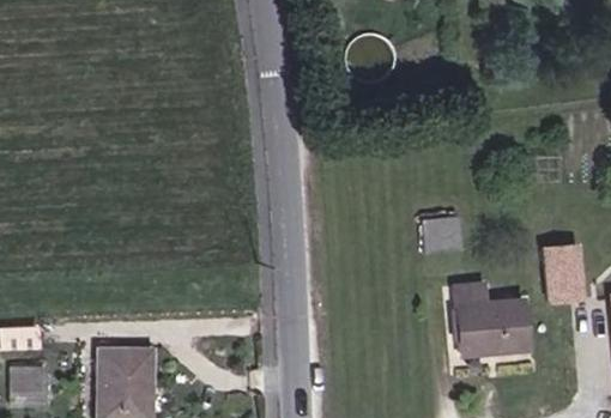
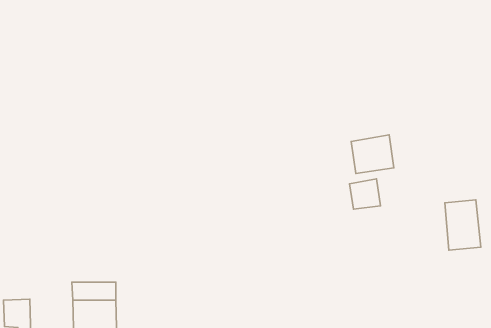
building: none -> [351,135,394,173]
building: [460,284,537,351] -> none

